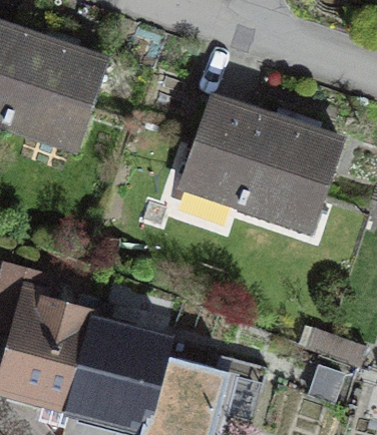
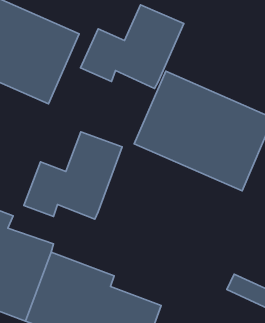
building: none -> [81,5,184,89]
building: none -> [24,132,122,219]

